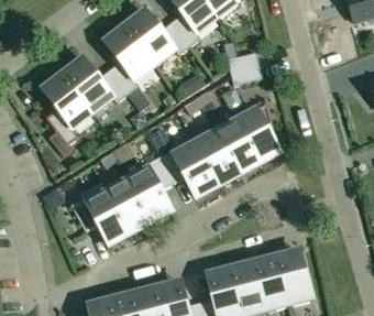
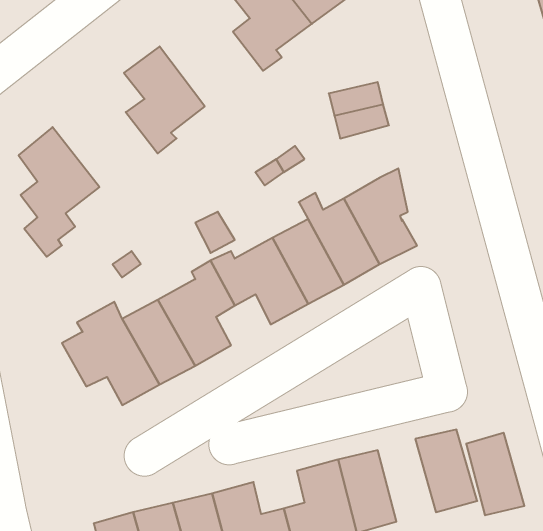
building: [128,13,188,65] -> none
building: [65,62,127,112] -> none
building: [255,260,289,308] -> [466,433,524,515]

